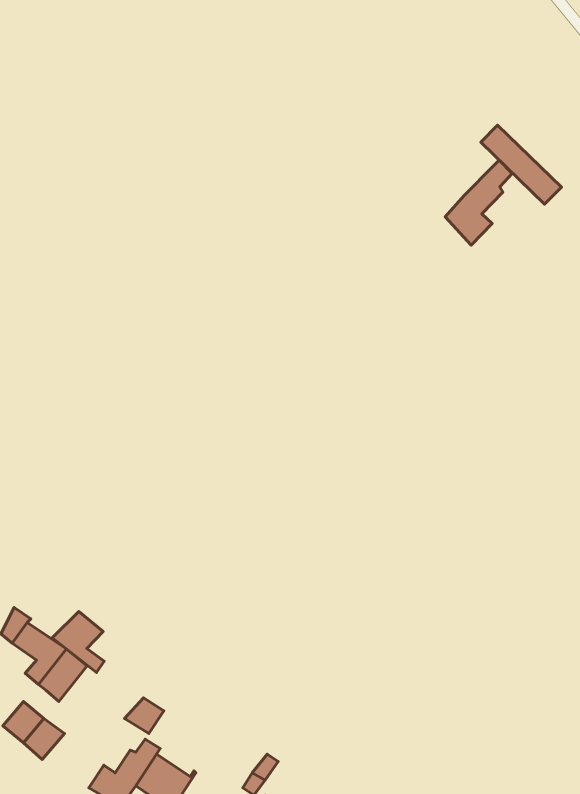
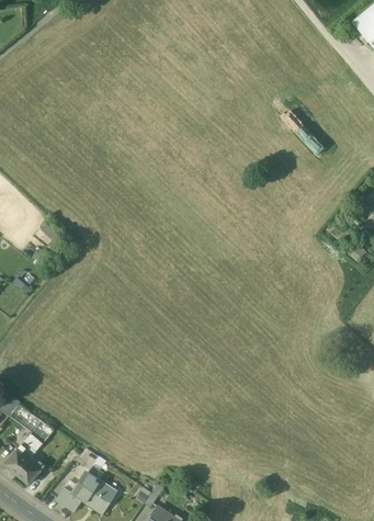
building: [445,160,512,245] -> none
building: [52,611,104,673] -> none

